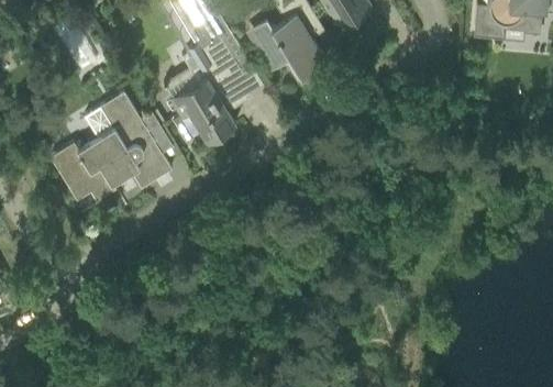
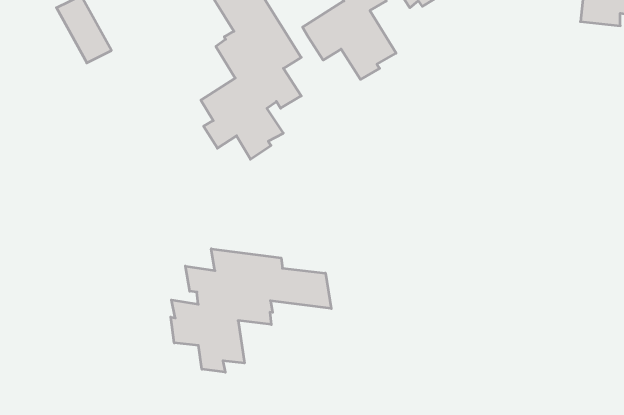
building: [51,91,172,200] -> none
building: none -> [171,249,331,372]

